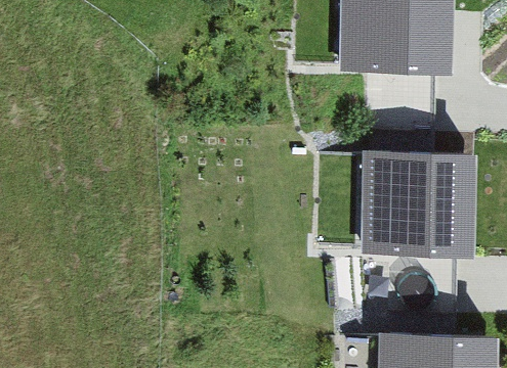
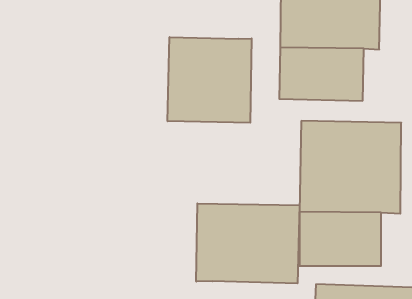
building: none -> [168,37,252,123]
building: none -> [196,203,300,283]

